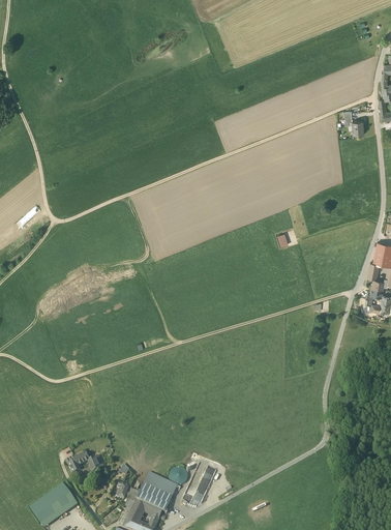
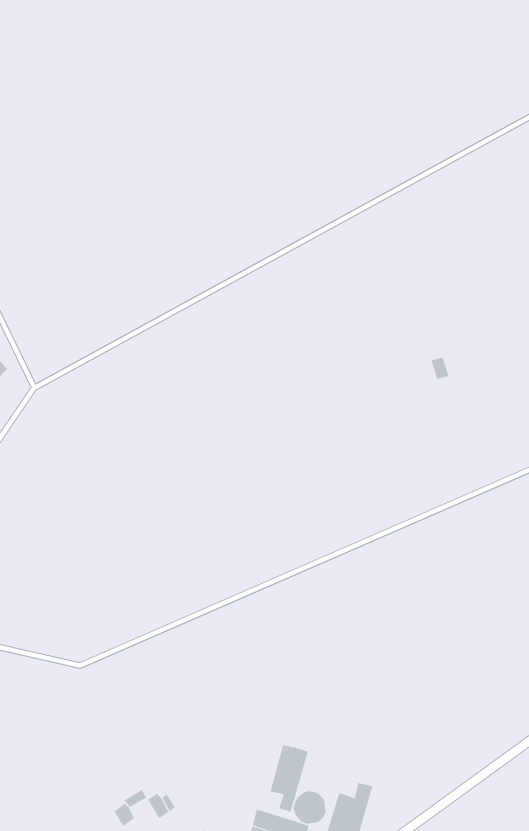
building: none -> [270,744,309,813]

